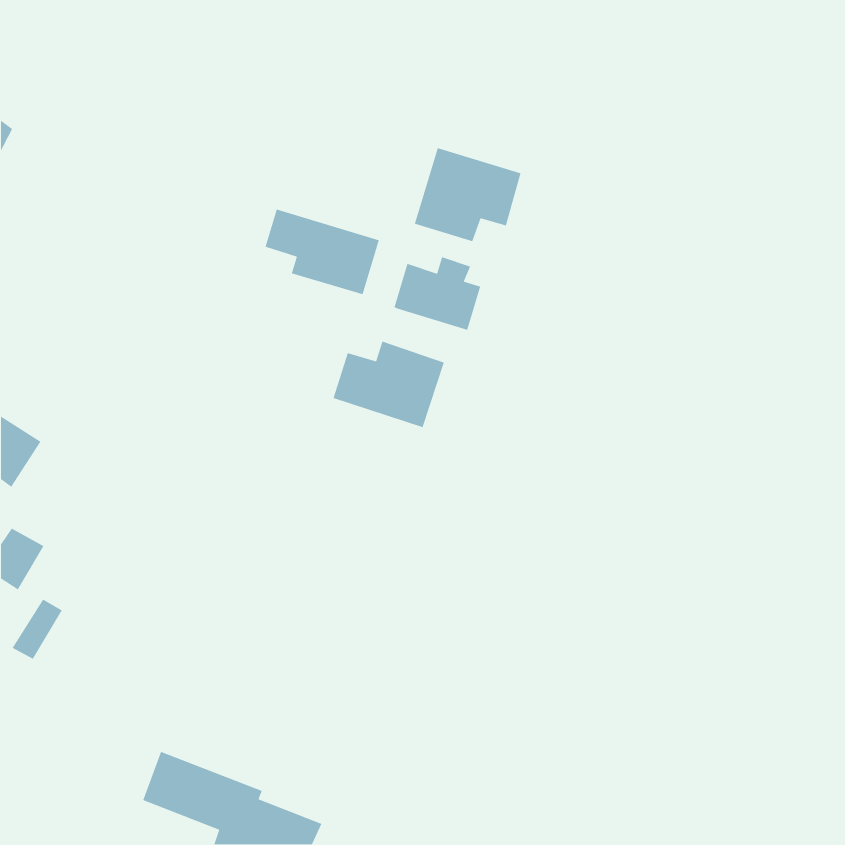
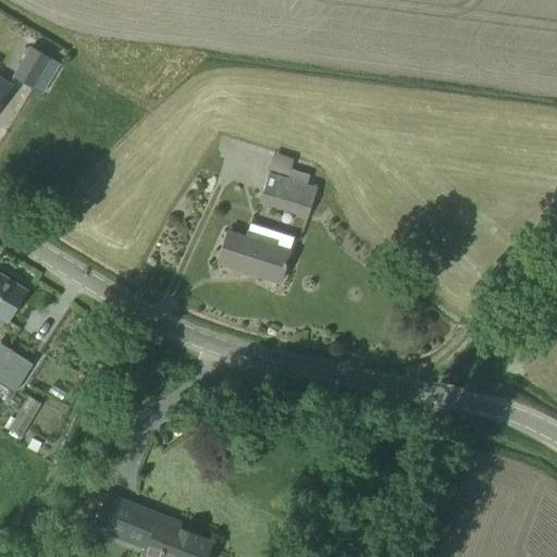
building: none -> [13,47,59,92]
building: [414,147,522,242] -> none
building: [264,208,380,295] -> none

